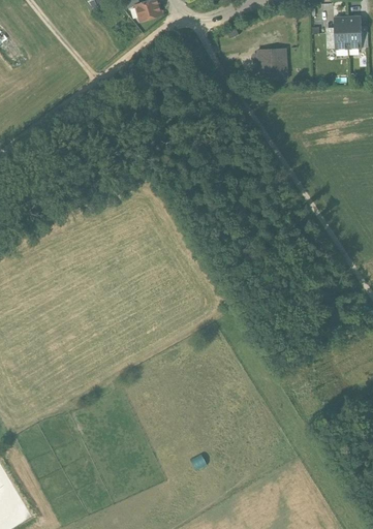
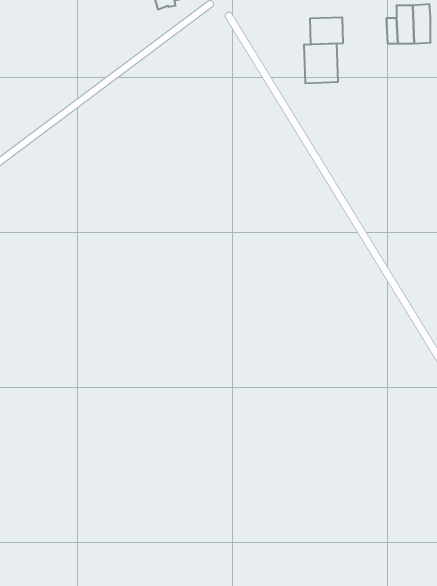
building: none -> [310,17,343,45]

